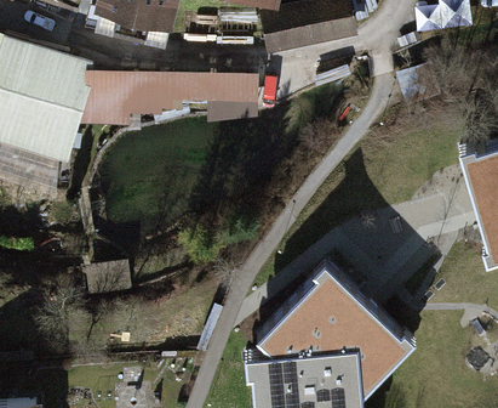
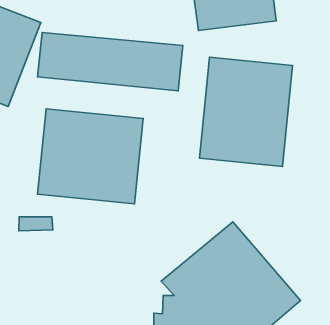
building: none -> [199,57,293,166]
building: none -> [37,109,143,204]

